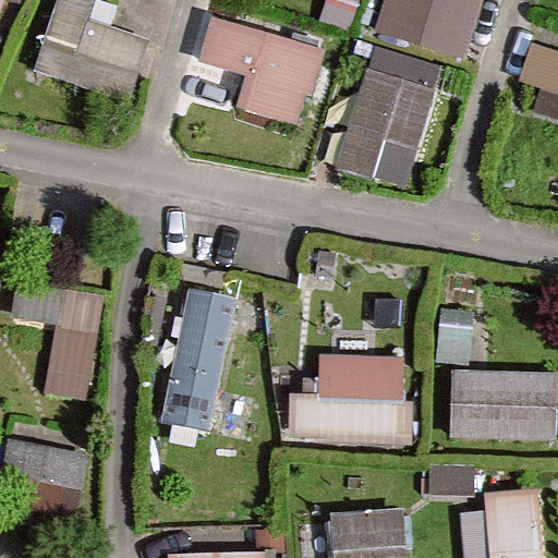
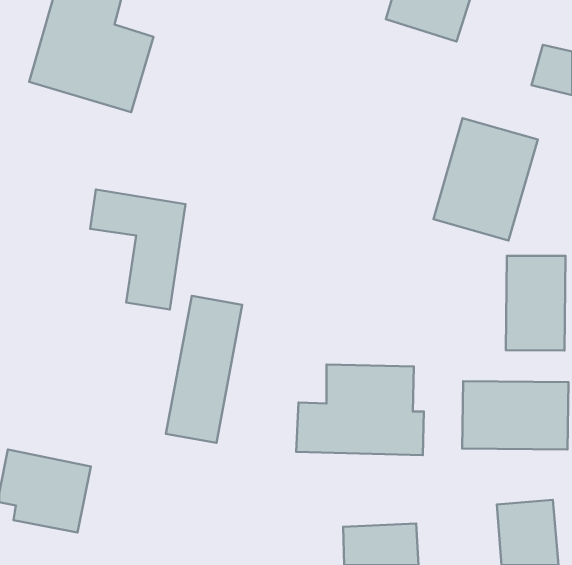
building: [198,16,324,126] -> none
building: [336,68,437,186] -> [433,118,538,241]
building: none -> [506,256,565,350]
building: [10,279,102,396] -> [90,189,186,309]

